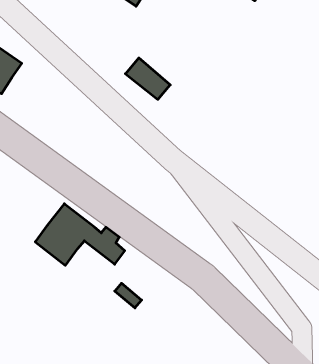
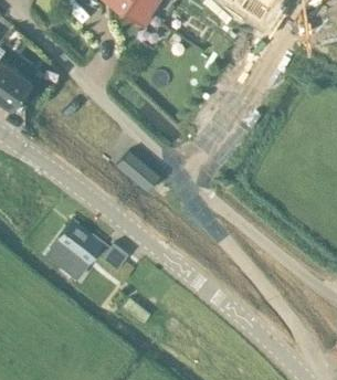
building: [125,58,170,99] -> [116,151,160,192]

